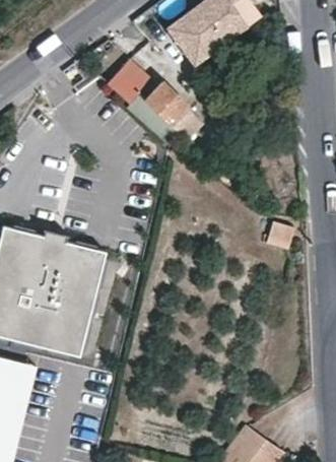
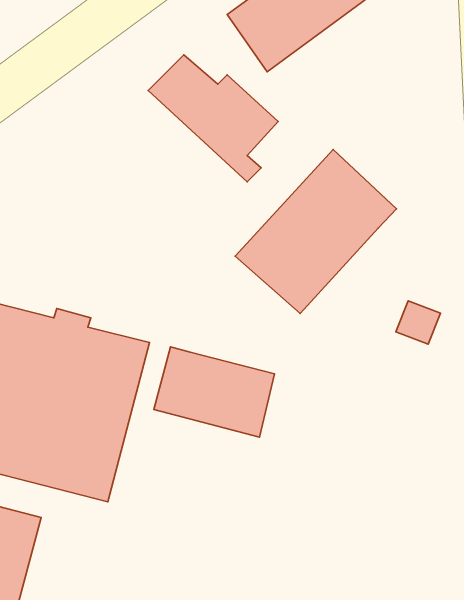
building: none -> [235,150,397,314]
building: none -> [154,347,275,437]

